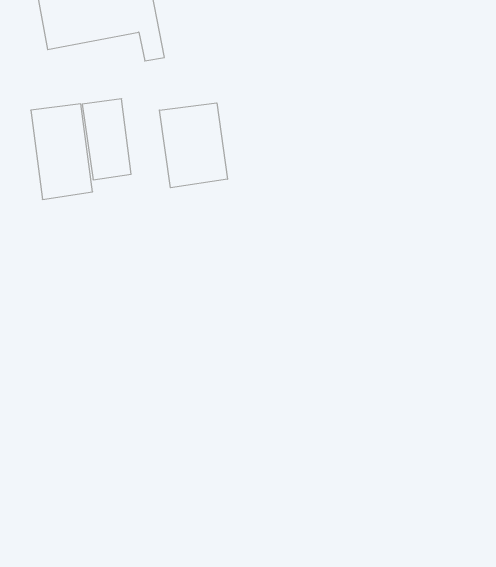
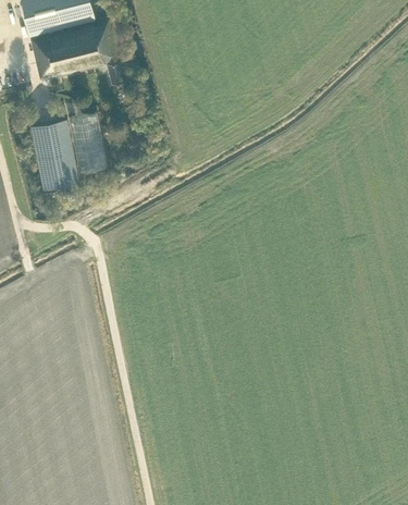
building: [159,103,227,188] -> none

